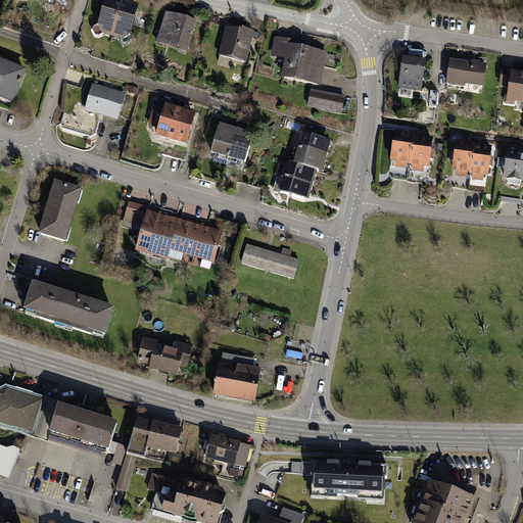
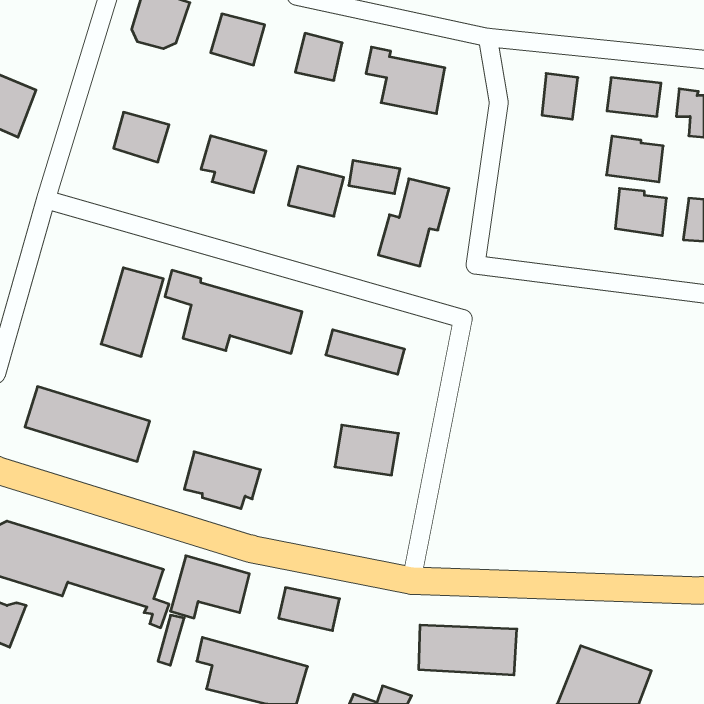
building: [307,88,345,112] -> [349,160,400,194]
building: [391,130,433,163] -> [606,136,663,182]
building: [33,179,79,244] -> [101,268,163,356]
building: [213,363,260,399] -> [335,425,399,475]

